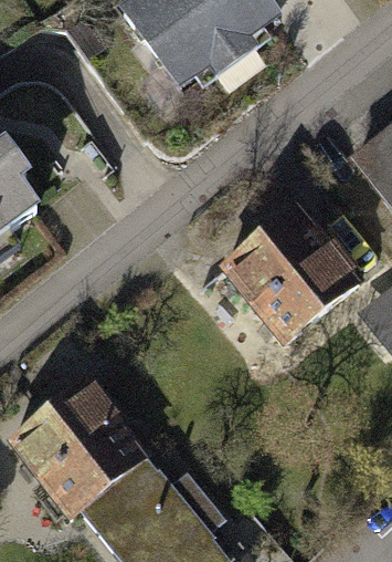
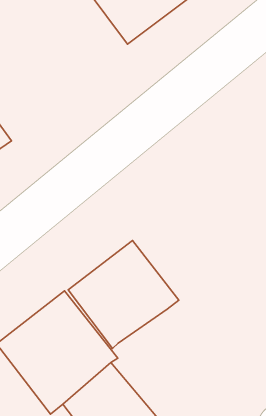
building: [214,225,345,350] -> none
building: none -> [68,240,179,348]

